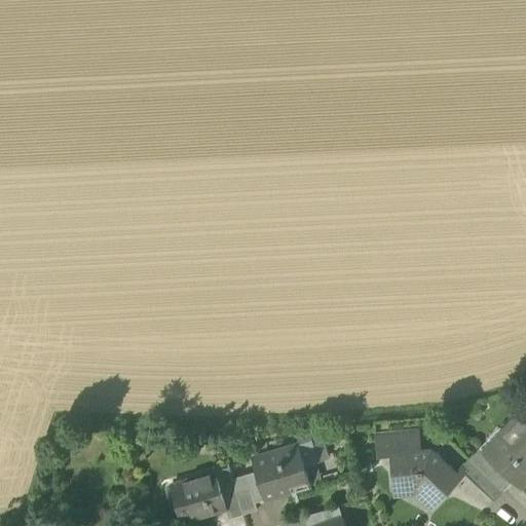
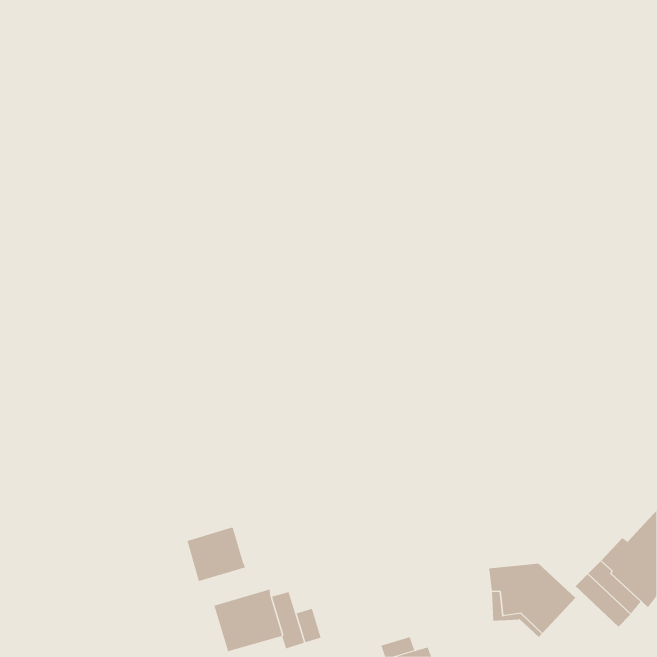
building: none -> [187,527,246,582]
building: [375,430,420,456] -> none
building: [252,444,310,496] -> none

